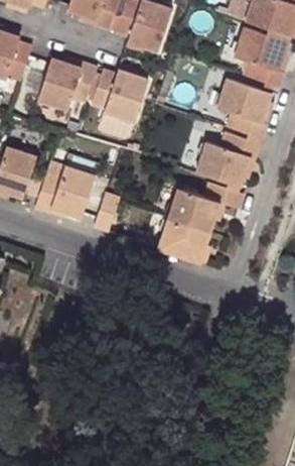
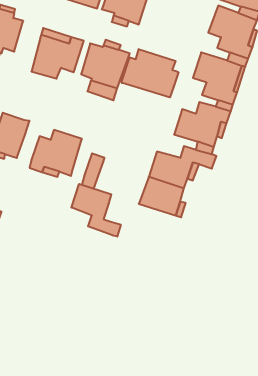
building: none -> [122,49,178,97]
building: none -> [71,184,121,237]

